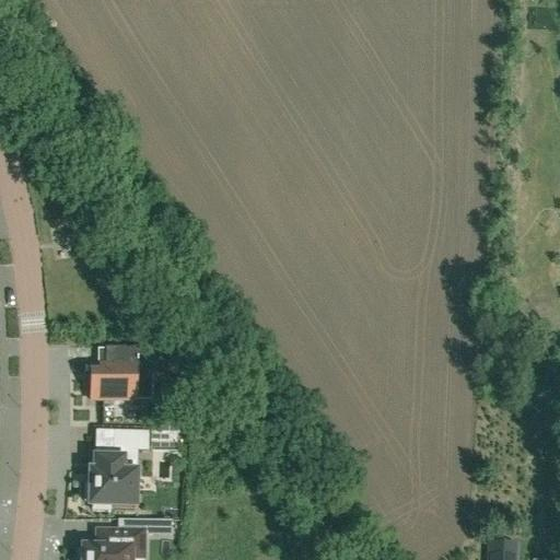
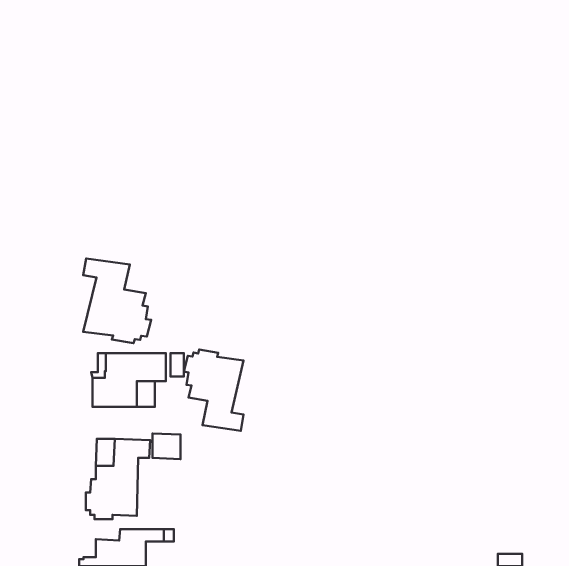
building: none -> [83,258,151,343]
building: none -> [184,349,244,431]

